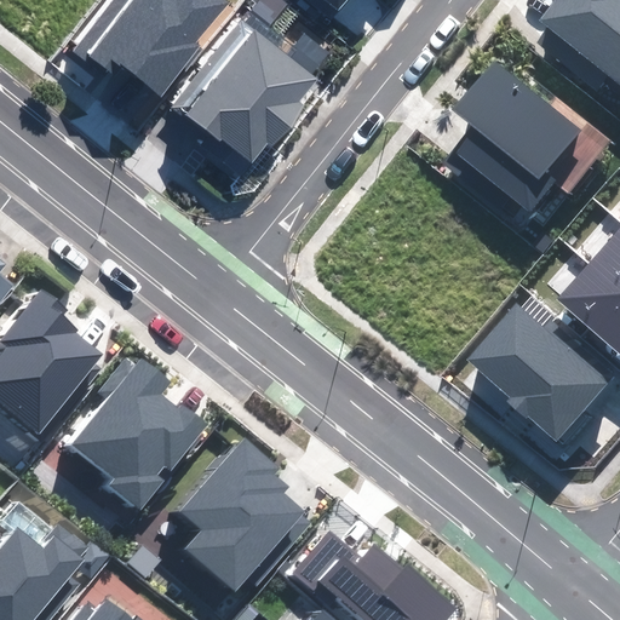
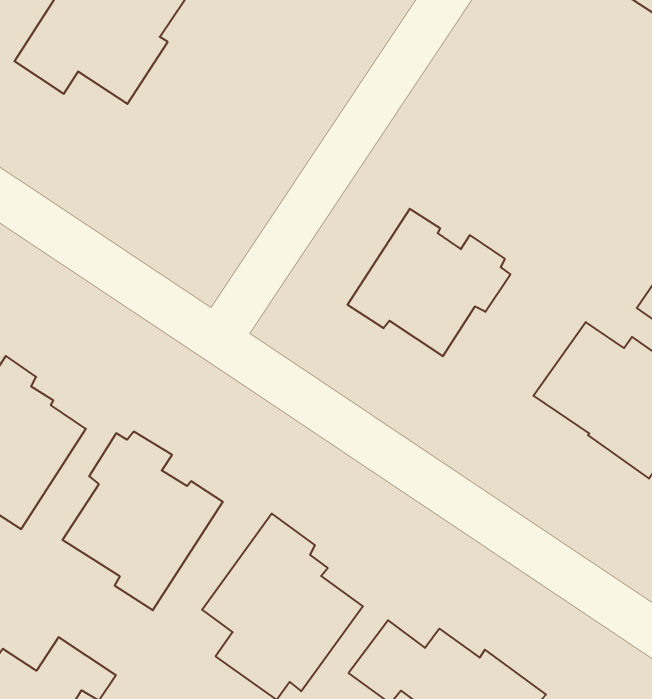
building: [177,23,316,161] -> none
building: [444,62,578,216] -> none
building: none -> [347,209,510,356]

